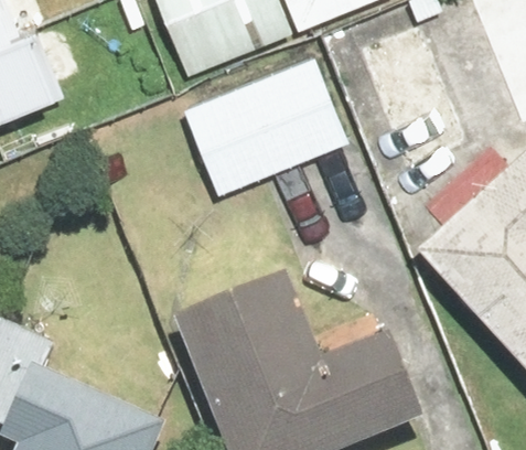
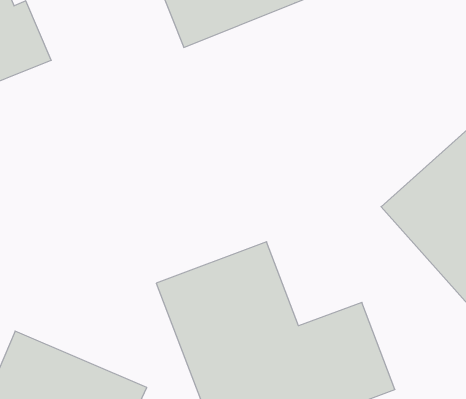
building: [194,49,362,191] -> none

